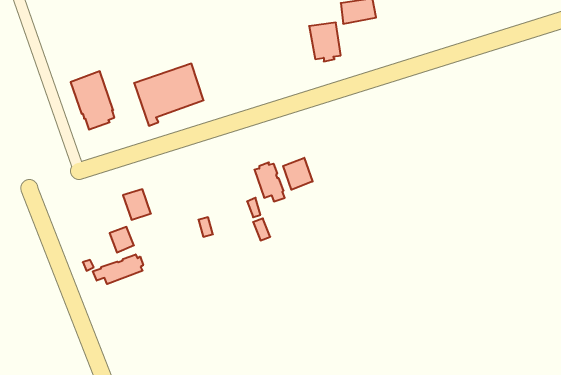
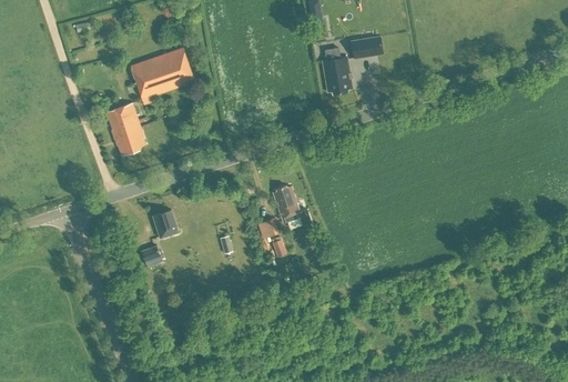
building: [134,64,204,126] -> [130,48,193,104]
building: [283,158,313,190] -> none
building: [93,254,143,284] -> none

